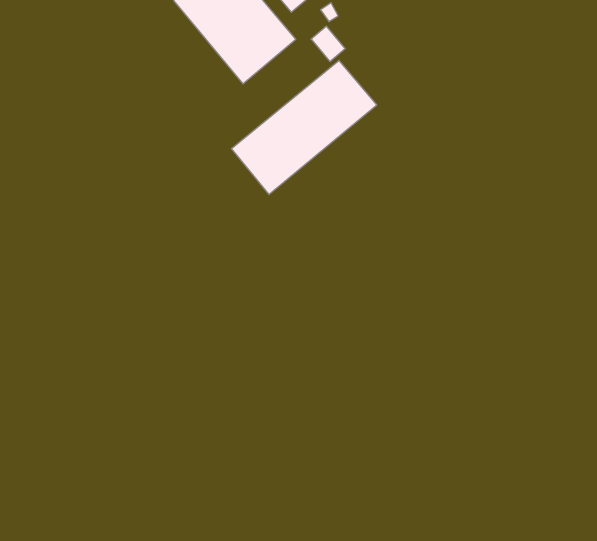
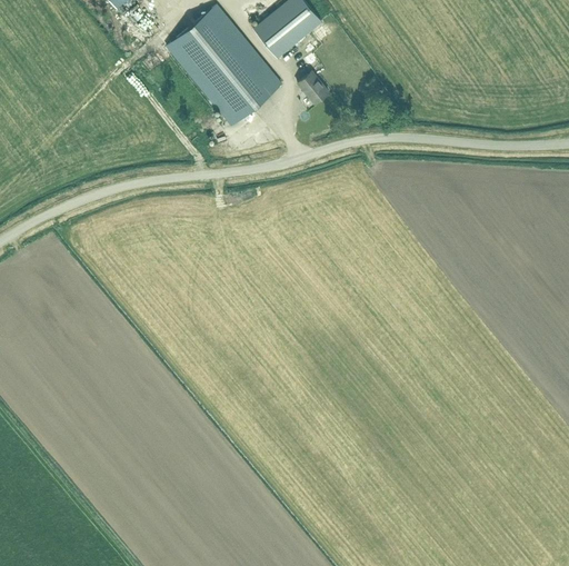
building: [232,60,377,195] -> none

